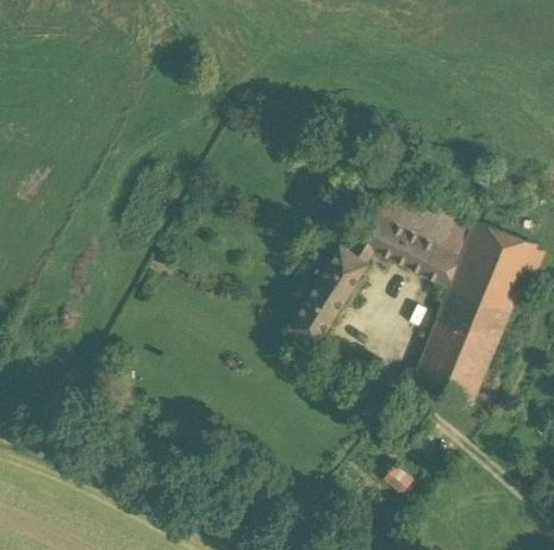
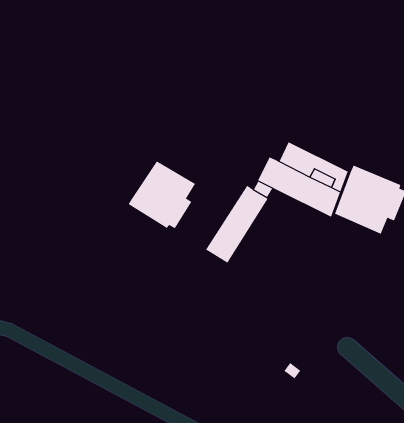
building: none -> [128,161,196,229]
building: [412,282,510,406] -> none

